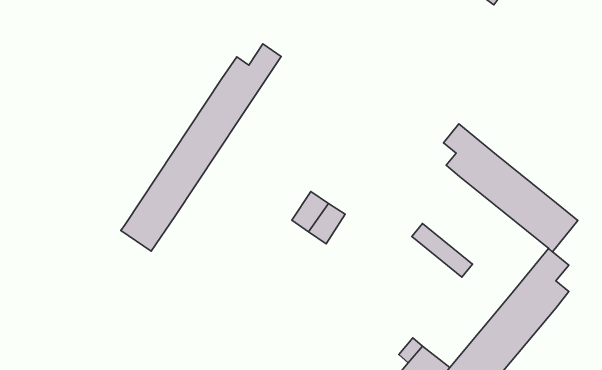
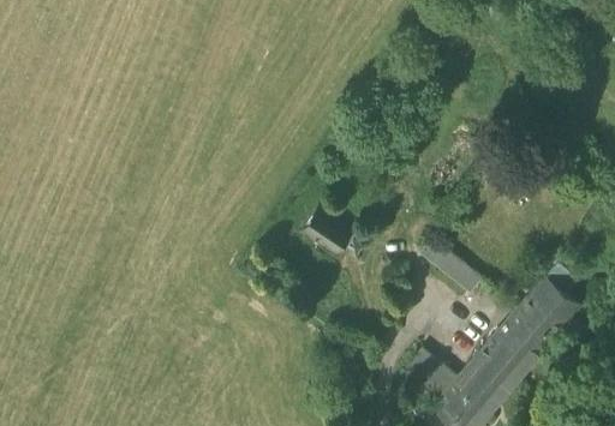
building: [121,44,281,251] -> none
building: [443,124,578,252] -> none

